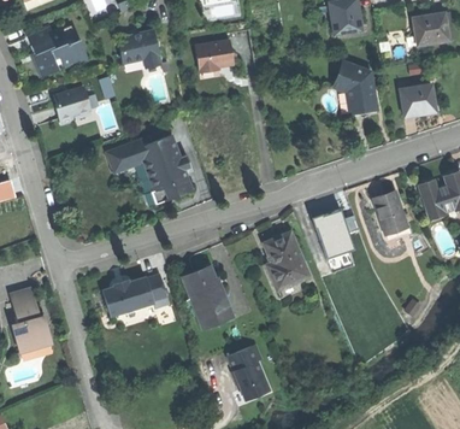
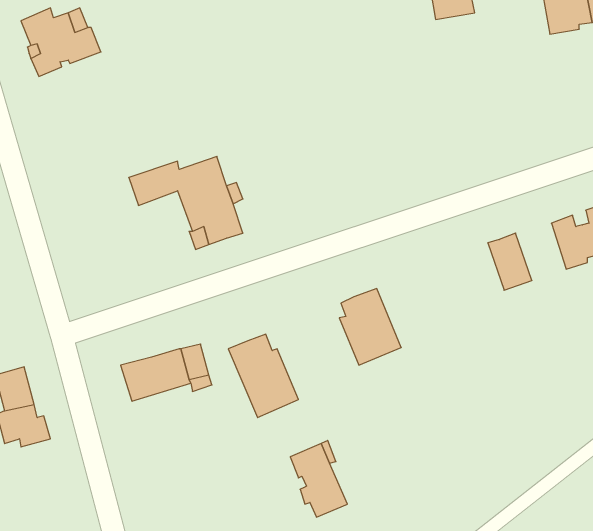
building: [119,30,161,66] -> none
building: [195,40,234,70] -> none
building: [334,61,378,111] -> none
building: [400,82,437,114] -> none
building: [53,87,90,124] -> none
building: [314,210,353,258] -> none

